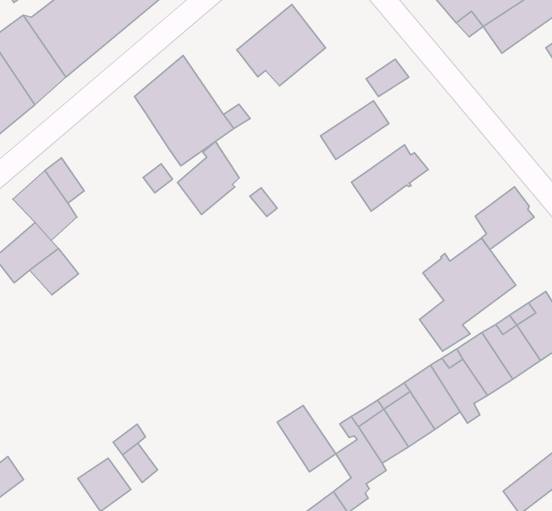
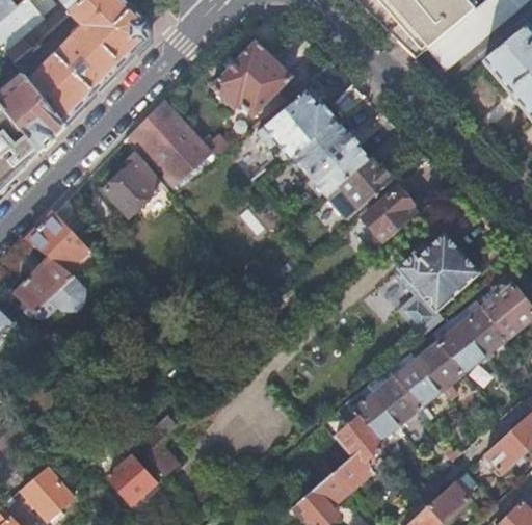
building: none -> [258,91,338,159]
building: none -> [310,139,369,194]
building: [177,142,239,214] -> [107,150,161,215]
building: [475,187,534,249] -> [364,188,416,245]
building: [277,405,336,472] -> none

